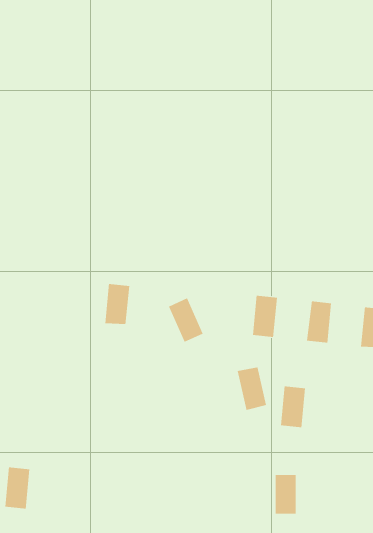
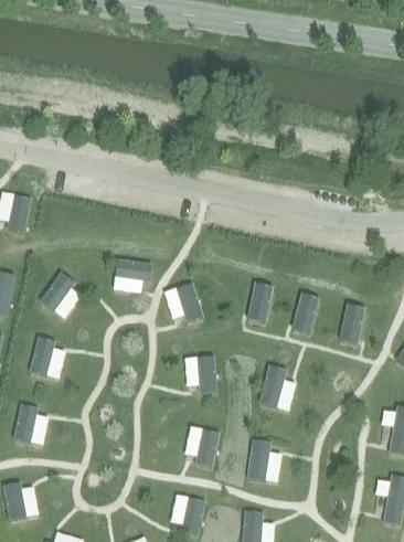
building: none -> [44,275,71,312]
building: [237,367,267,410] -> [193,355,215,392]
building: none -> [30,338,55,375]
building: none -> [194,431,221,469]

